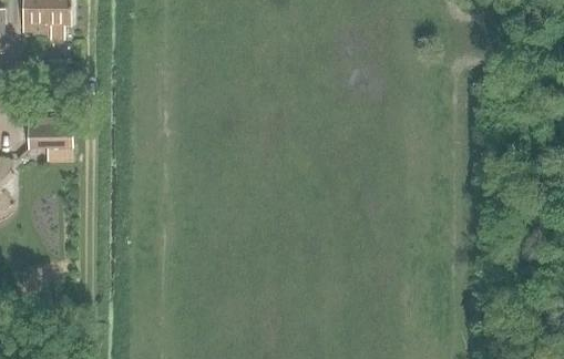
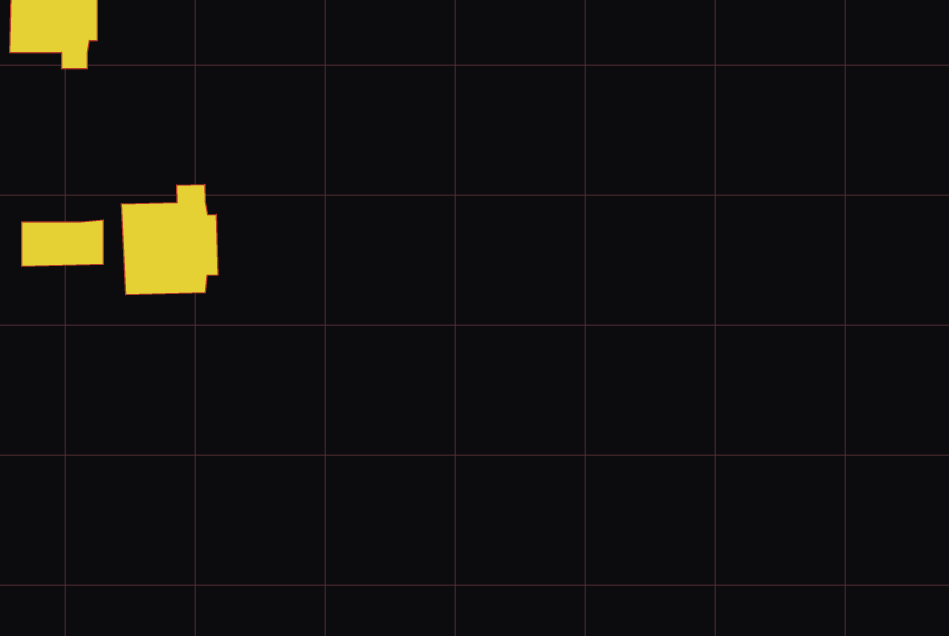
building: none -> [121,184,218,295]

